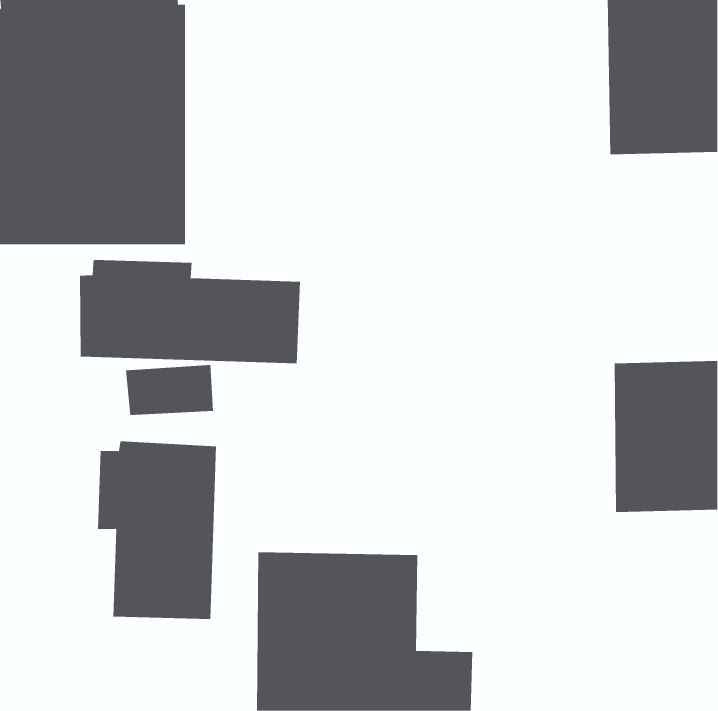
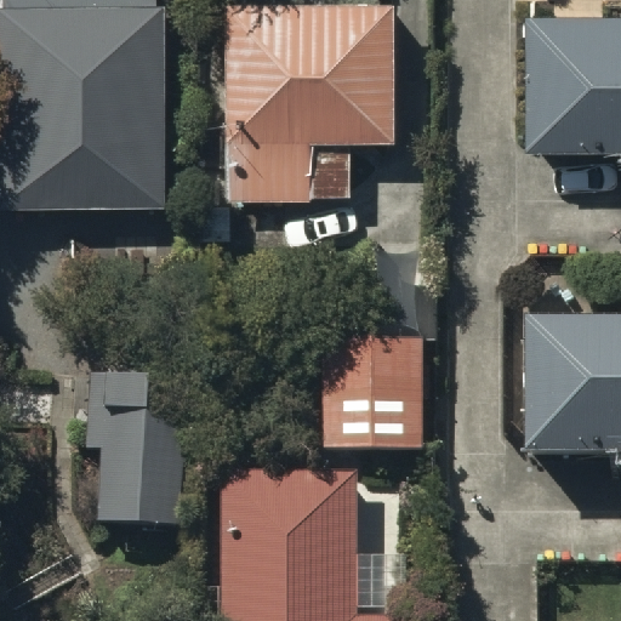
building: none -> [230,5,394,199]
building: [80,259,301,364] -> none
building: none -> [329,342,428,456]

